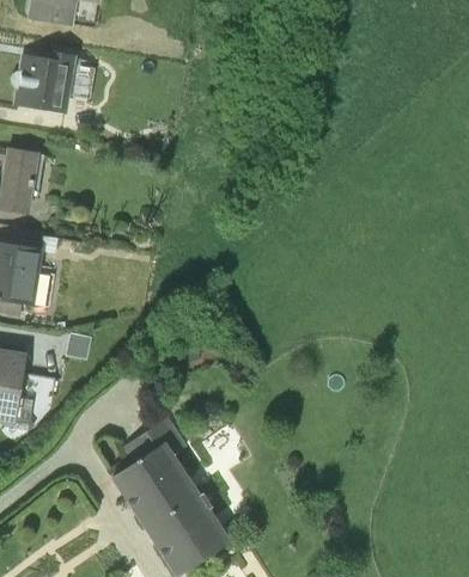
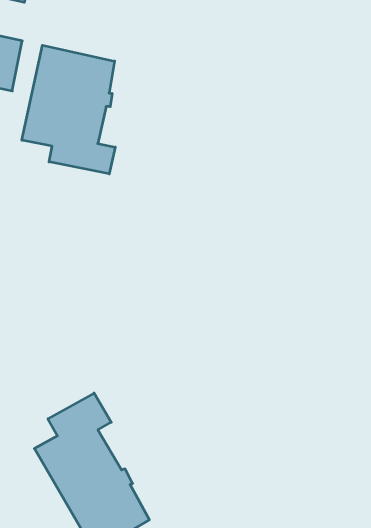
building: none -> [22,45,115,174]

